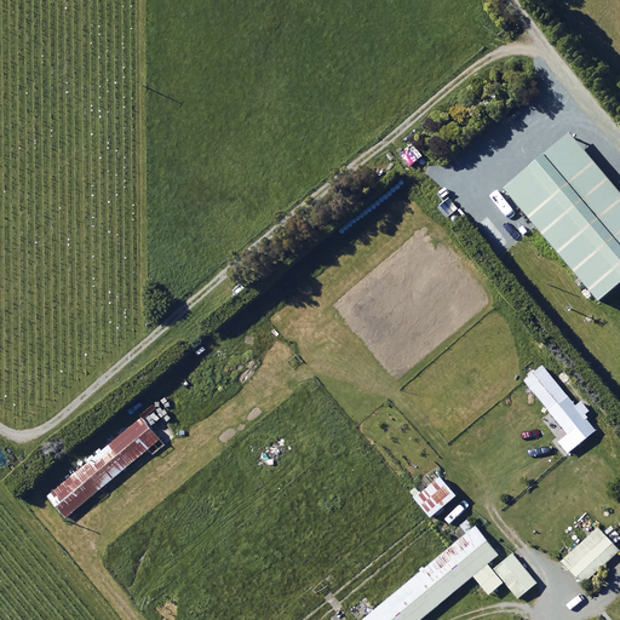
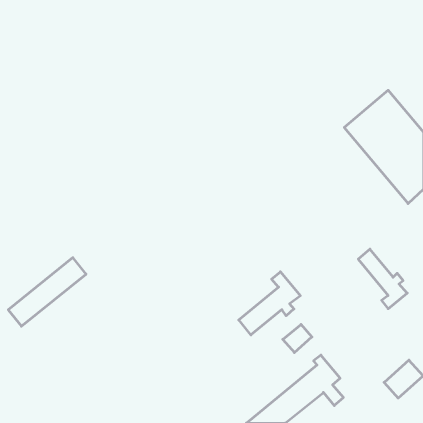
building: none -> [239,272,300,335]
building: [47,418,161,518] -> [8,258,86,326]
building: [493,552,536,597] -> none

